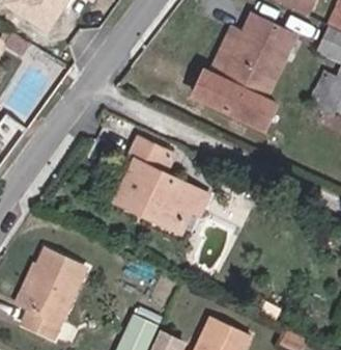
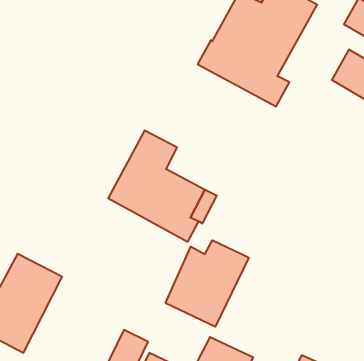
building: none -> [166,240,249,327]

